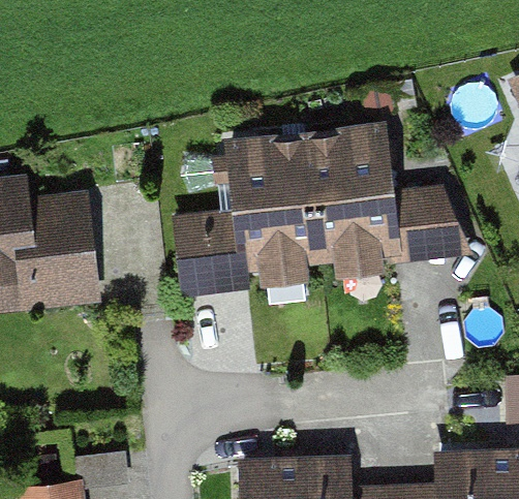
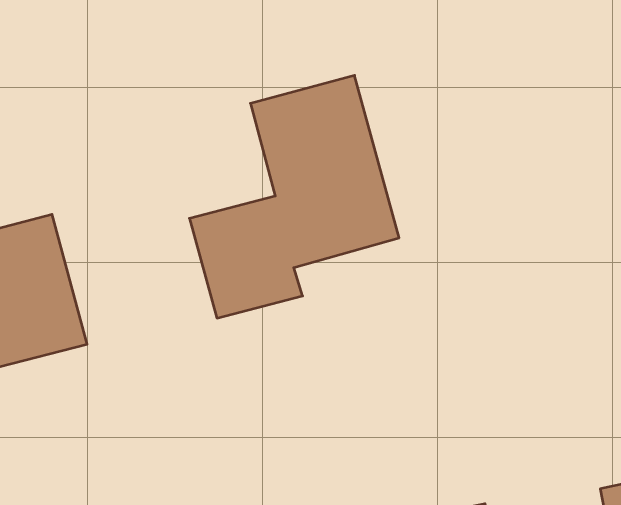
building: [309,130,431,260] -> none

